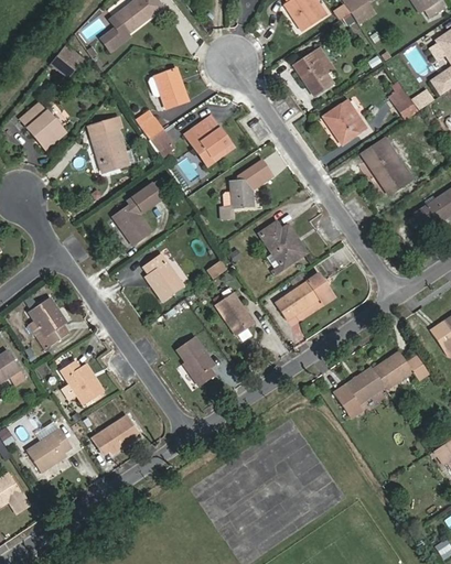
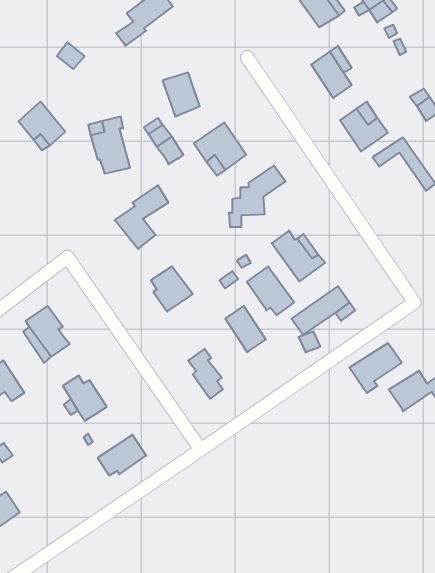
building: [362,148,406,196] -> none
building: none -> [247,266,294,315]
building: [333,371,383,419] -> [349,343,402,393]
building: [25,427,72,471] -> none

